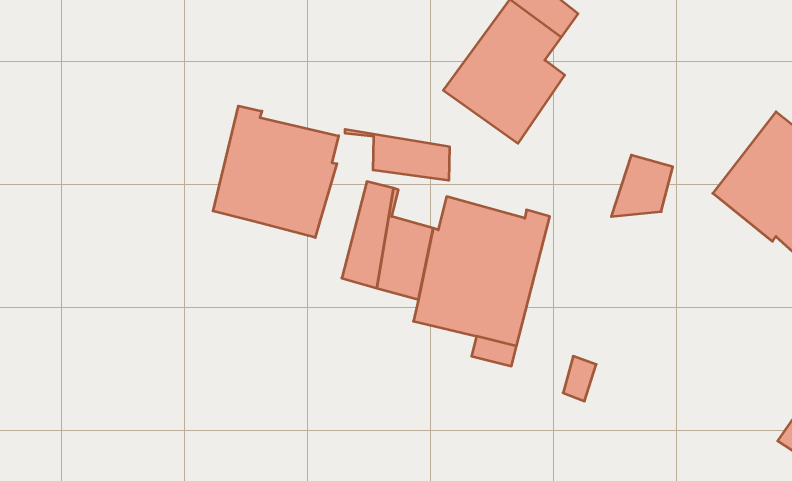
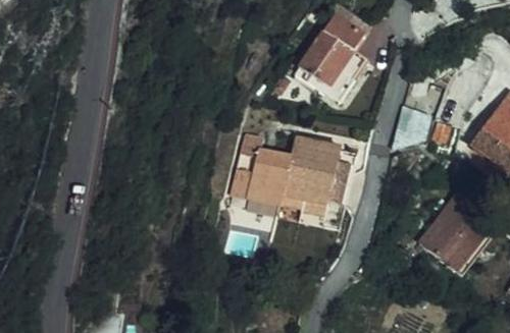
building: [213,106,339,238] -> none
building: [345,129,449,180] -> none
building: none -> [421,198,499,276]

